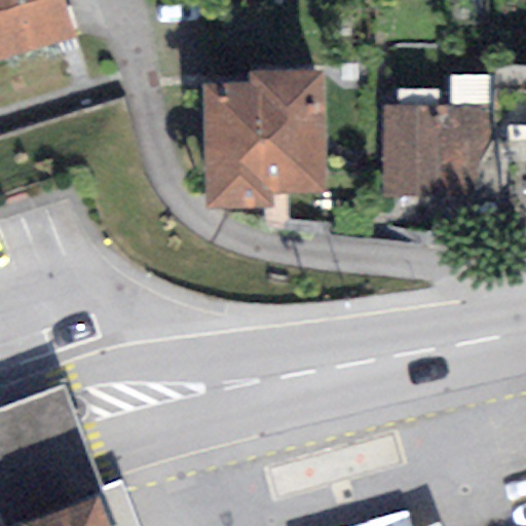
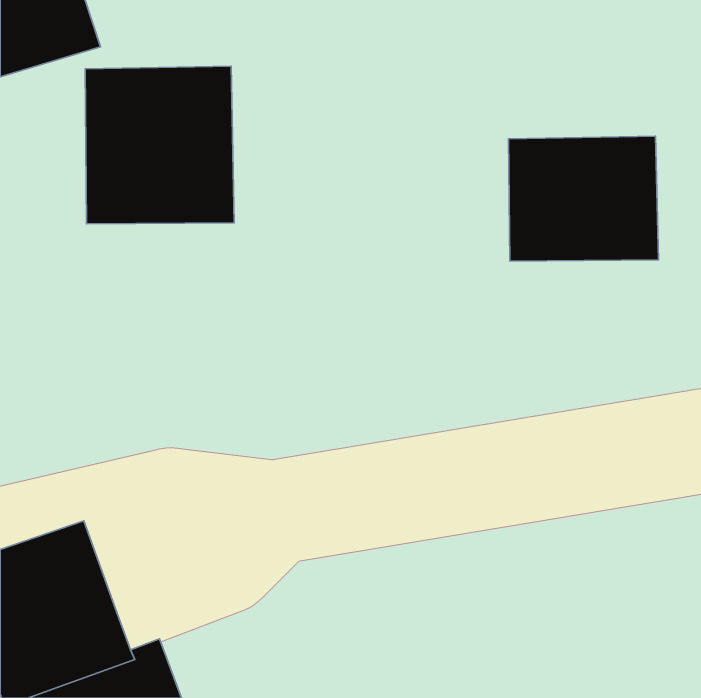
building: none -> [85,66,234,224]
building: [202,67,324,208] -> none

